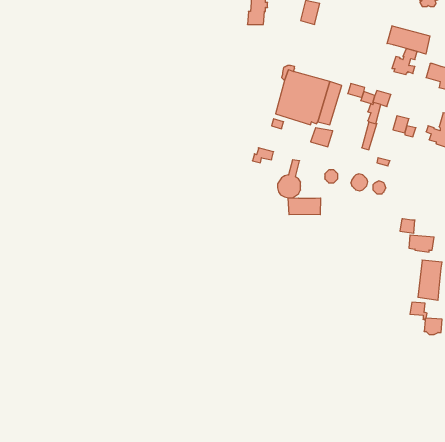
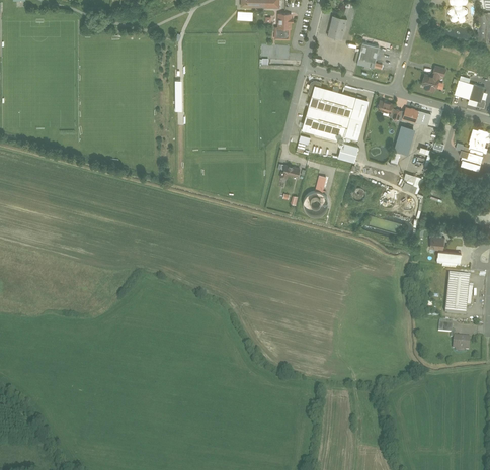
building: [387,26,430,54] -> none
building: none -> [357,40,380,67]
building: [288,198,320,215] -> none

